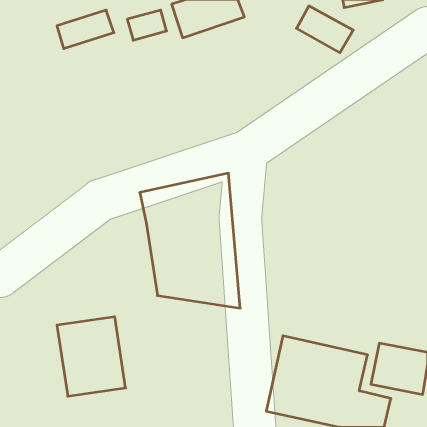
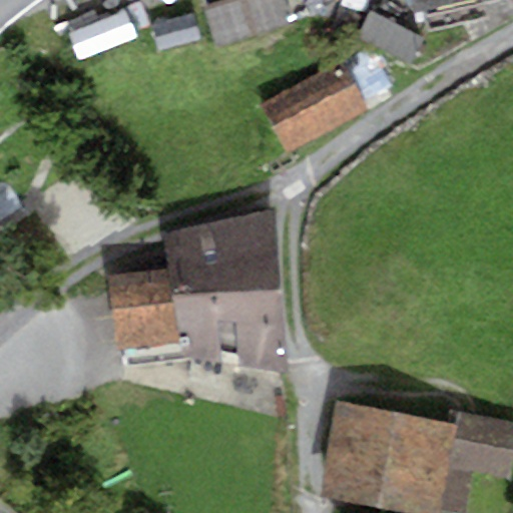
building: none -> [262,40,386,147]
building: [57,317,126,396] -> [107,269,189,364]

